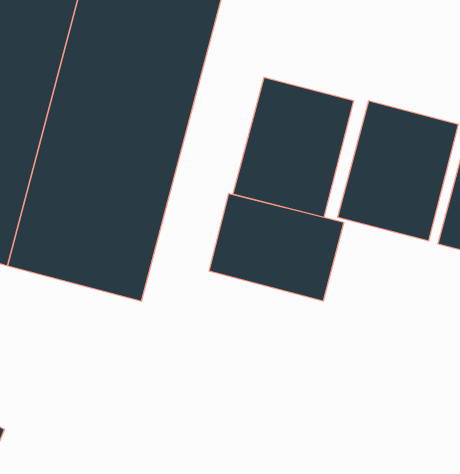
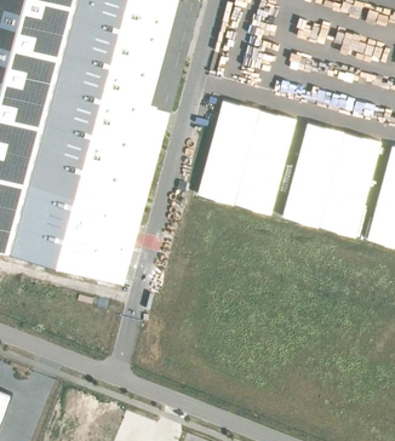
building: [209,193,344,301] -> none

